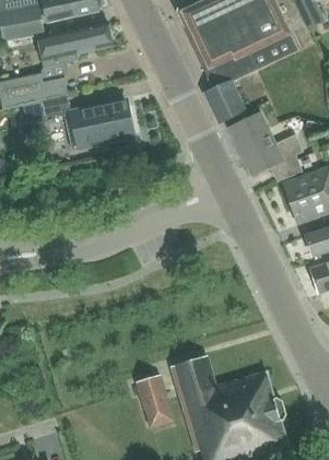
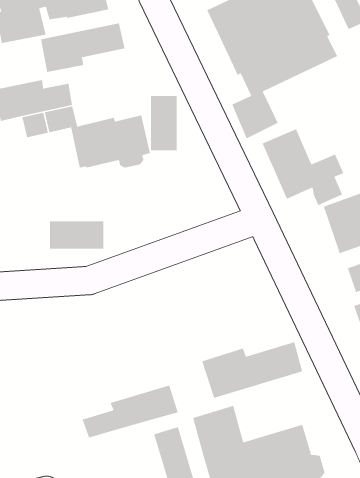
building: none -> [150,95,177,151]
building: none -> [49,220,104,250]
building: none -> [201,341,303,399]
building: none -> [82,384,179,439]

